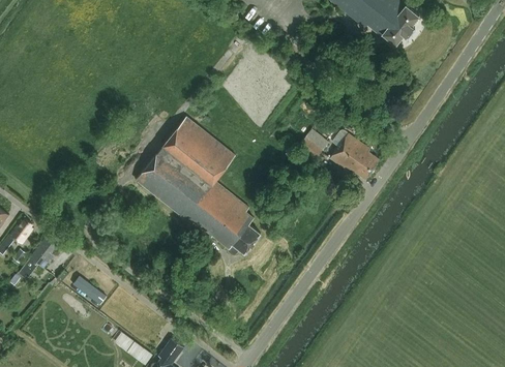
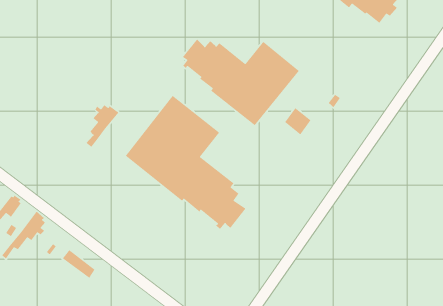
building: none -> [182,39,300,126]
building: none -> [86,104,119,148]
building: [329,130,379,180] -> none

